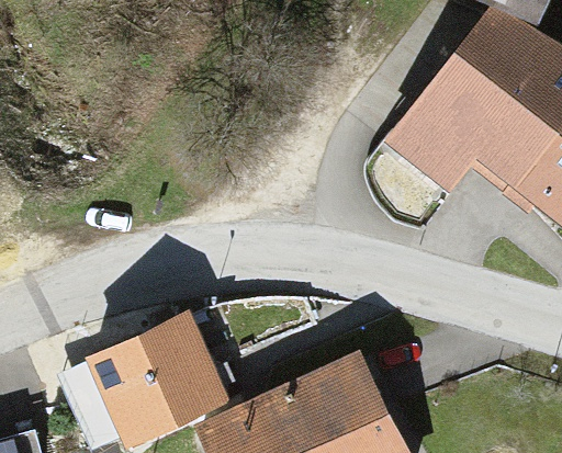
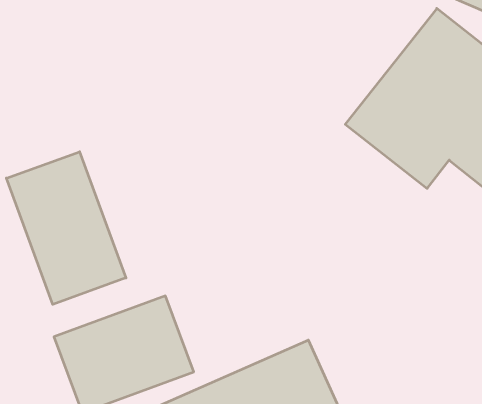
building: none -> [6,152,126,304]

